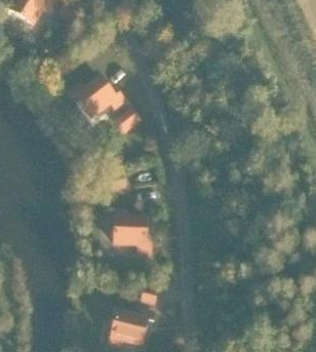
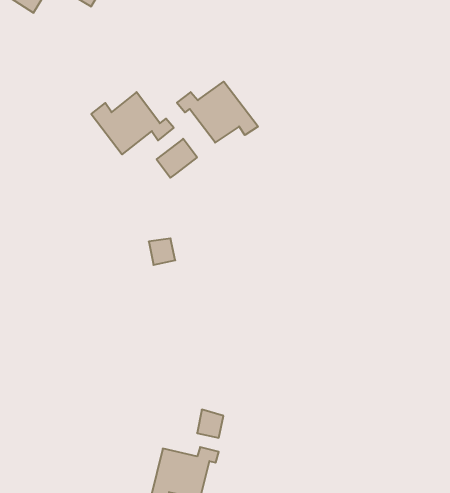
building: none -> [177,82,258,143]
building: [115,209,152,251] -> none

